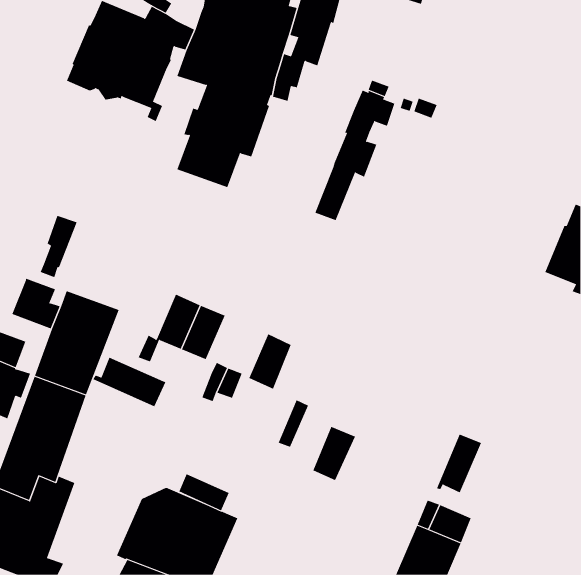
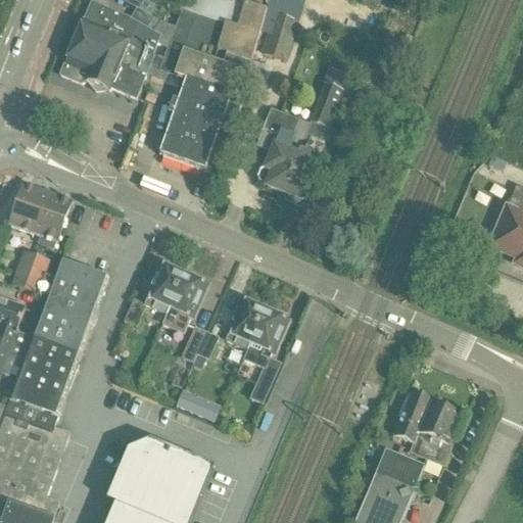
building: none -> [255,106,300,191]
building: none -> [6,184,51,237]
building: [93,357,166,407] -> none
building: [313,426,356,481] -> [245,310,284,359]
building: none -> [409,398,460,465]
building: [178,473,230,511] -> [175,388,221,422]

